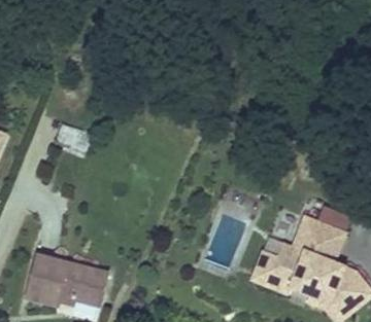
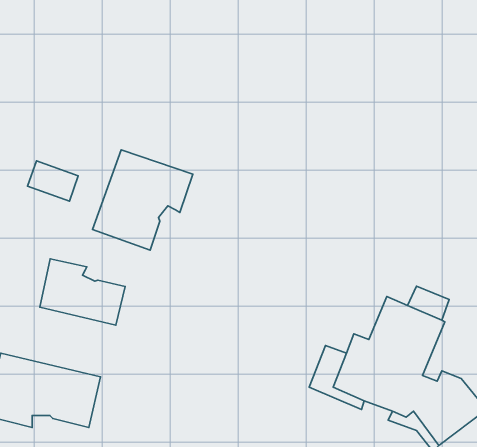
building: none -> [93,150,193,250]
building: none -> [40,259,125,325]

